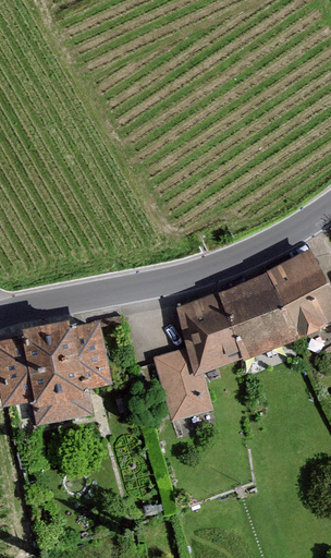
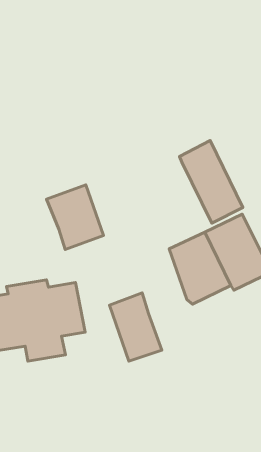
building: none -> [179,140,243,223]
building: [172,292,238,367] -> [47,185,104,250]

